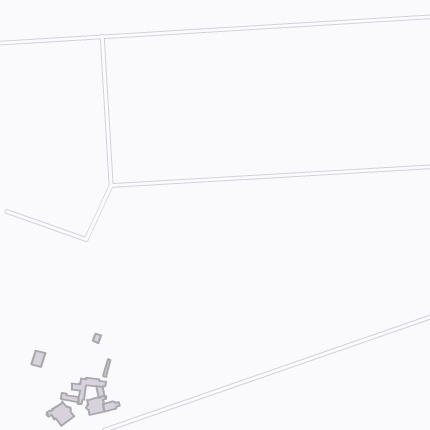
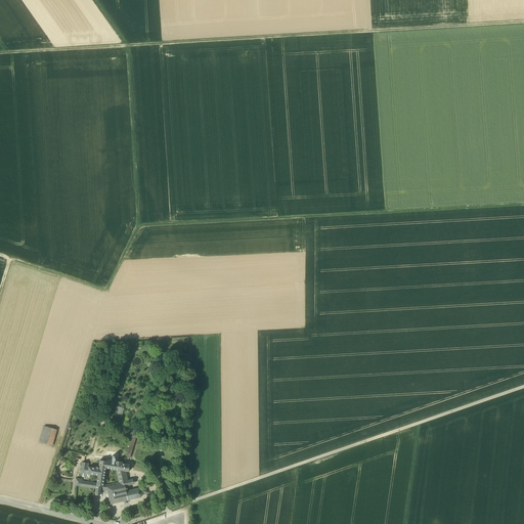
building: [46,401,74,426] -> none

